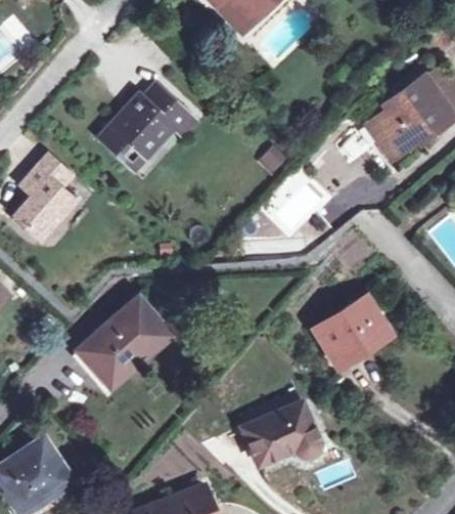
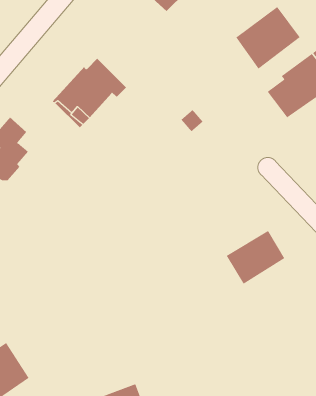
building: none -> [236,6,300,69]
building: [79,297,170,383] -> none
building: [241,400,318,464] -> none

